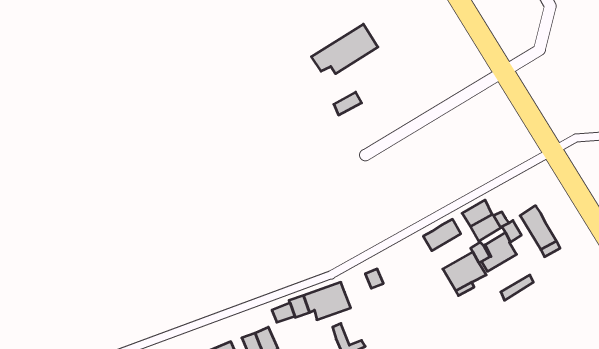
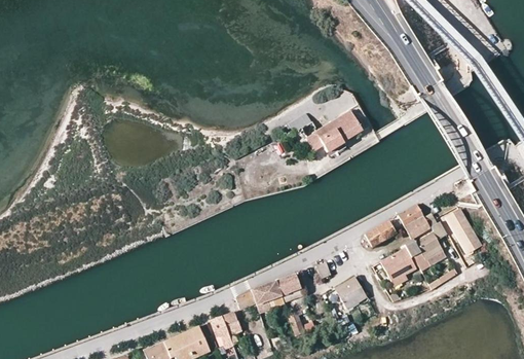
building: [311,24,378,74] -> [305,111,362,153]
building: none -> [334,278,366,310]

